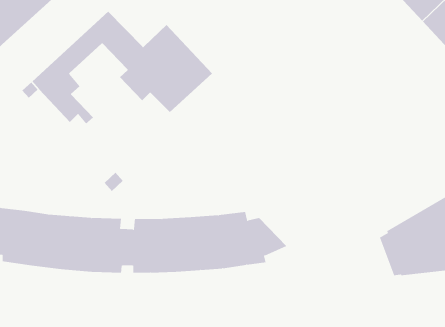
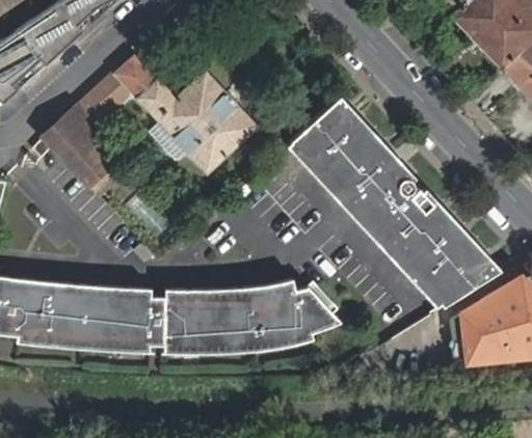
building: none -> [289,94,500,303]

